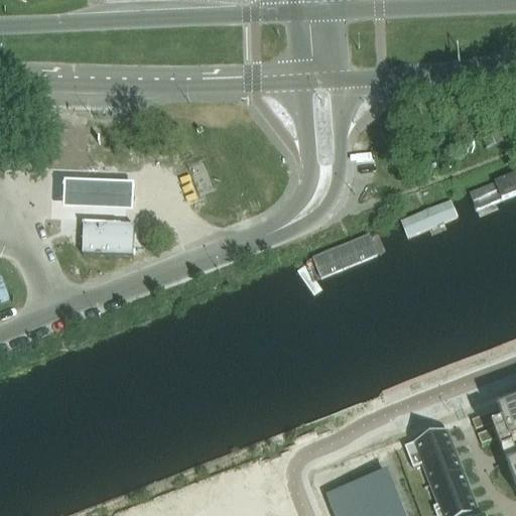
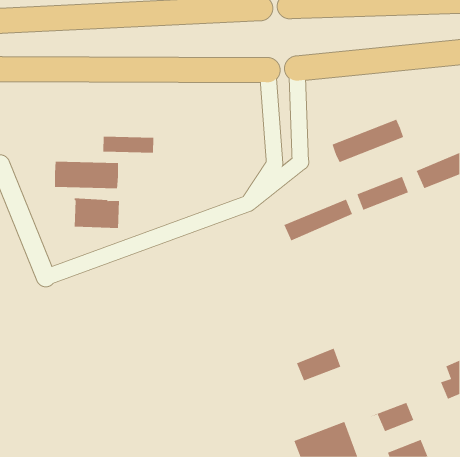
building: none -> [332,119,404,163]
building: none -> [103,136,154,153]
building: [405,429,456,467] -> [296,348,341,381]
building: [430,471,472,505] -> none

